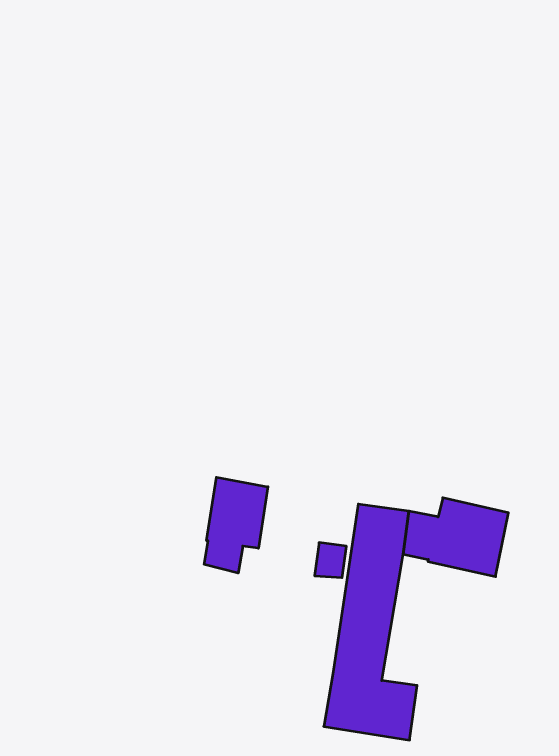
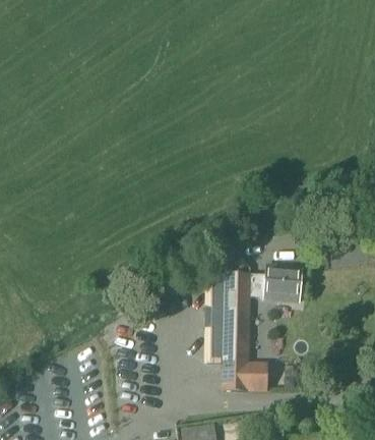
building: [204,477,268,573] -> none

